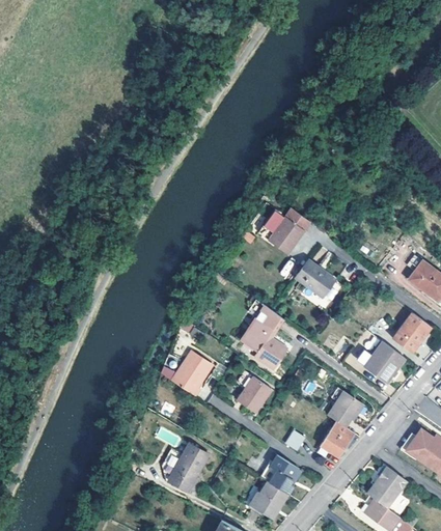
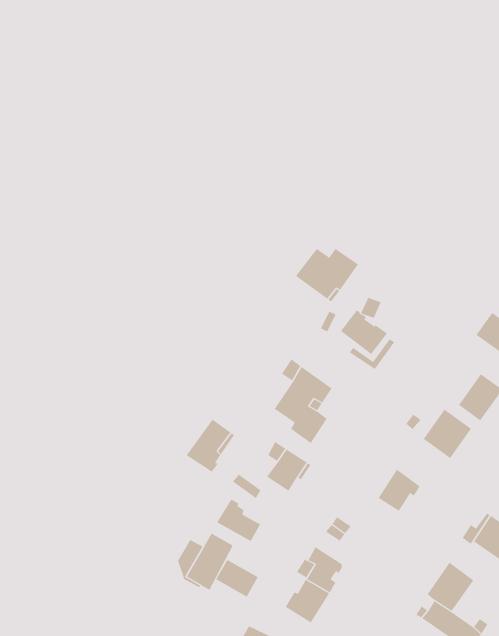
building: none -> [217,499,261,542]
building: [322,421,355,457] -> none
building: none -> [216,559,259,597]

